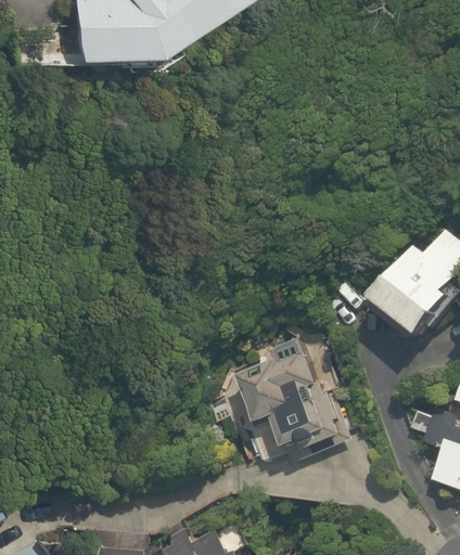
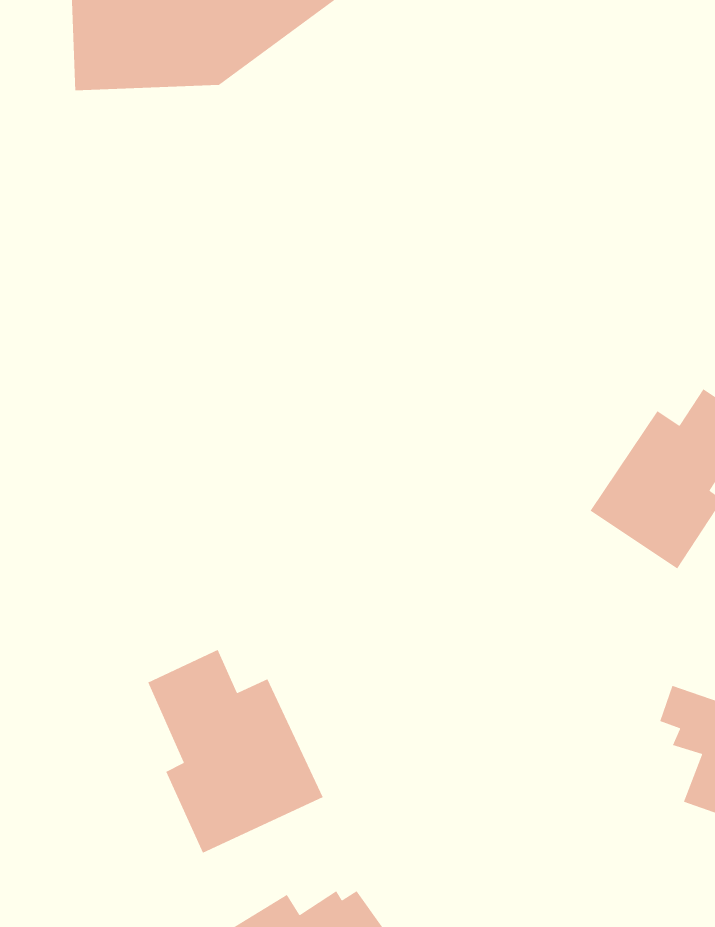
building: [238,351,346,456] -> none
building: none -> [147,649,324,854]

